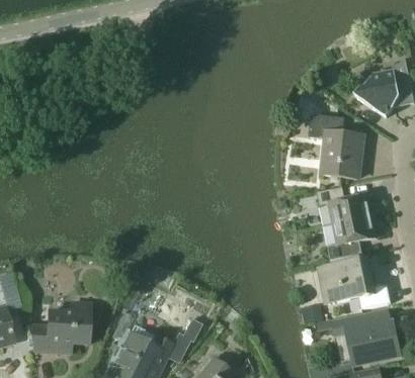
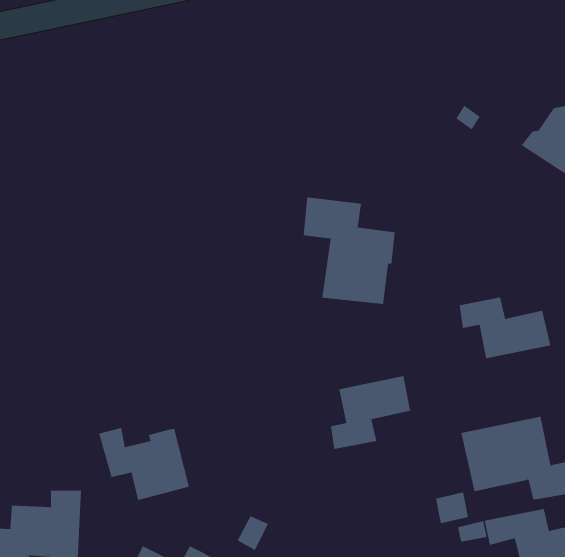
building: [309,113,364,178] -> [303,197,395,304]
building: [328,215,377,260] -> [330,376,411,450]
building: none -> [99,427,190,501]

